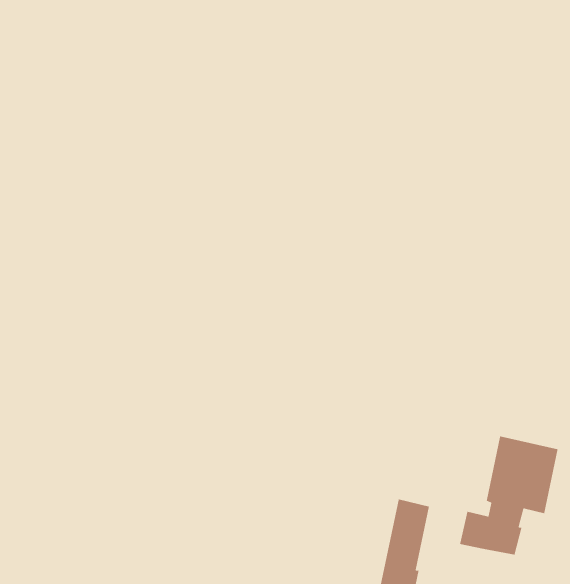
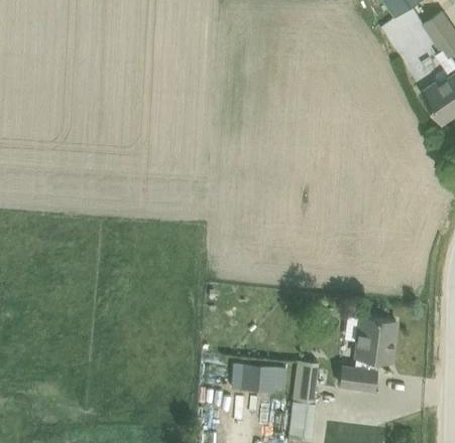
building: none -> [232,362,287,390]

